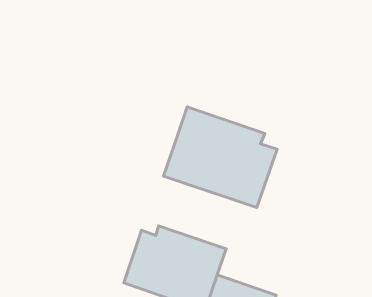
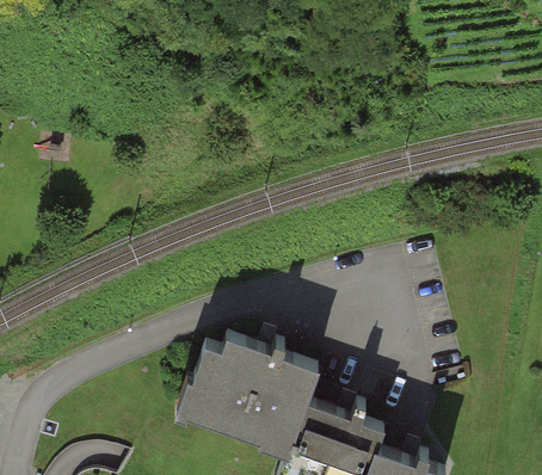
building: [163,107,277,207] -> none

